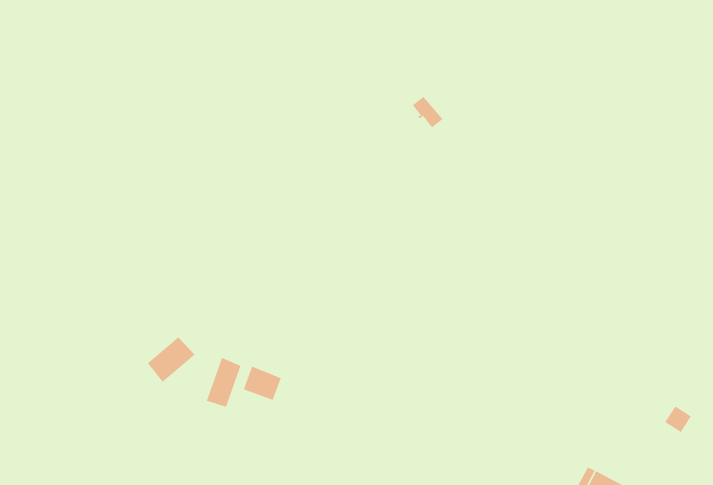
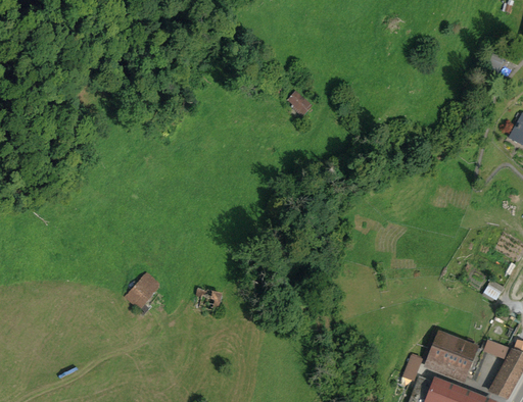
building: [206,357,242,408] -> none

